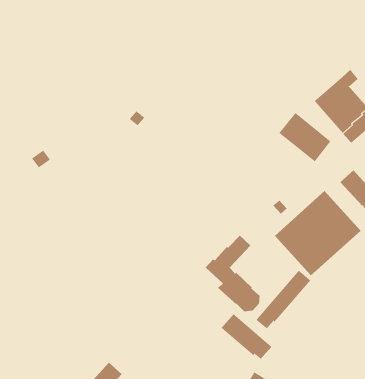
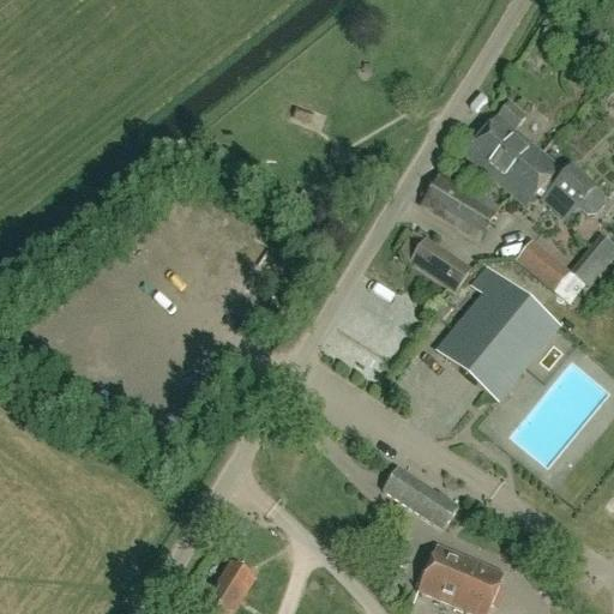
building: none -> [411,240,470,291]
building: [205,235,260,312] -> none
building: [256,270,311,329] -> none

